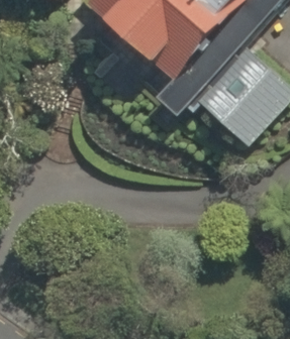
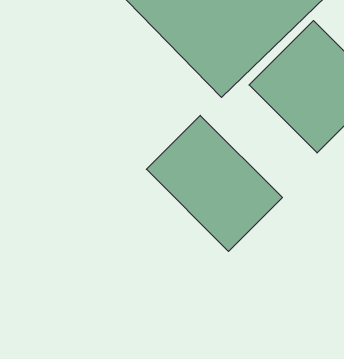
building: none -> [146,115,282,251]

